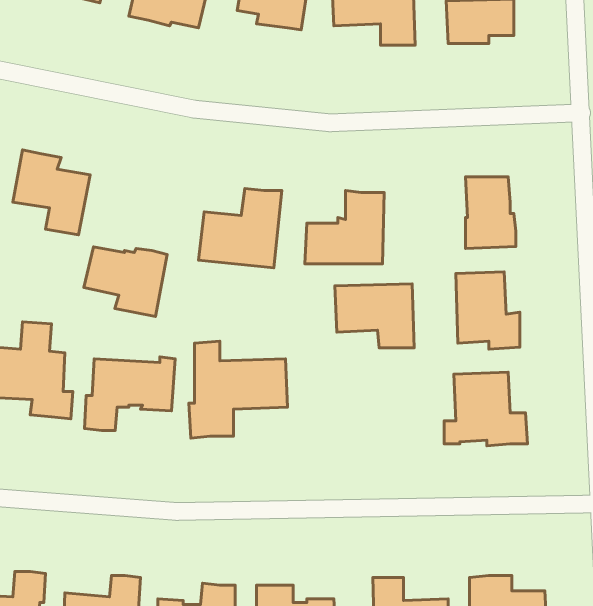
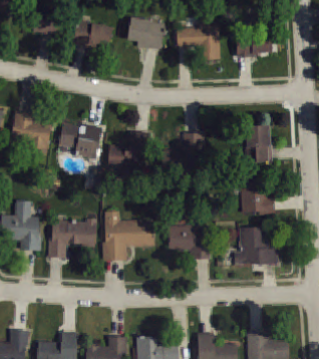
building: [84,247,167,316] -> [59,123,102,159]
building: [335,284,414,348] -> [169,226,210,259]

